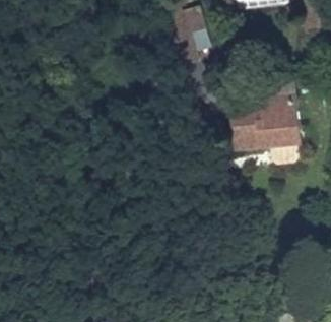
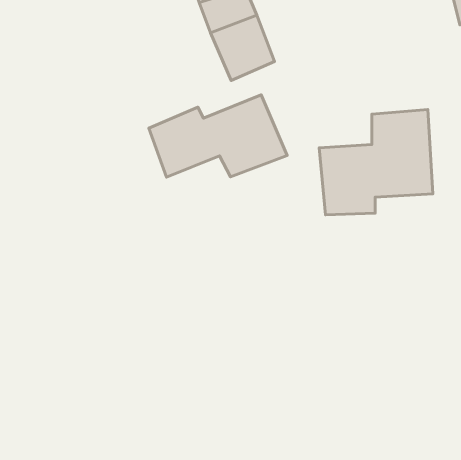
building: none -> [149,95,287,177]

